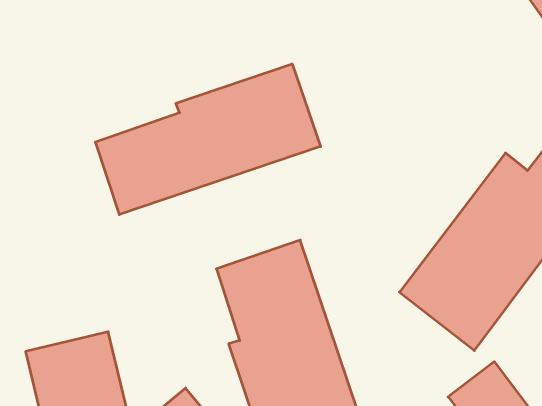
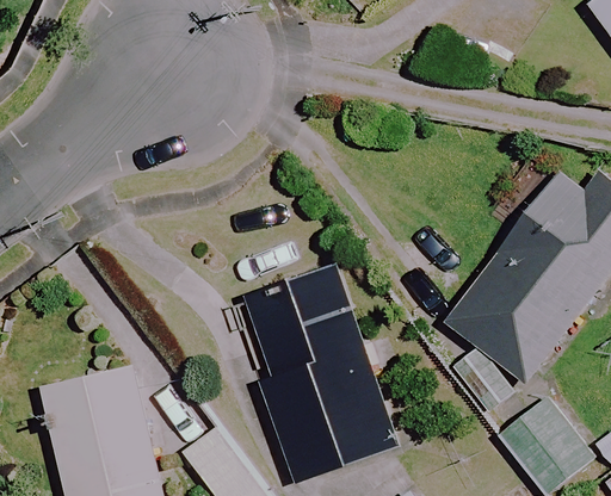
building: [95,64,321,215] -> none

